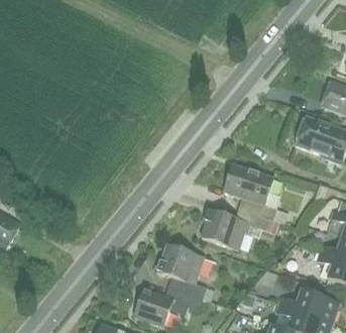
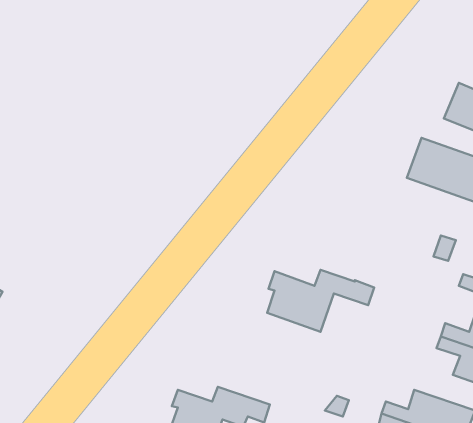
building: [224,163,277,218] -> none
building: [153,243,207,298] -> none

